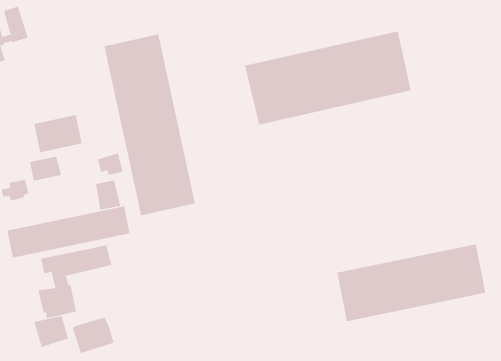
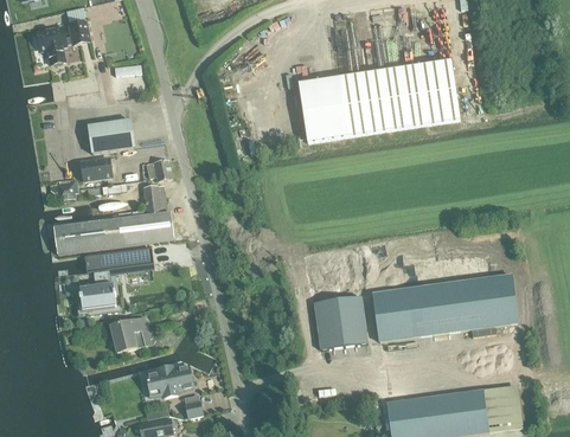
building: [104,34,195,216] -> none
building: none -> [313,295,367,348]
building: [33,315,69,348] -> none

